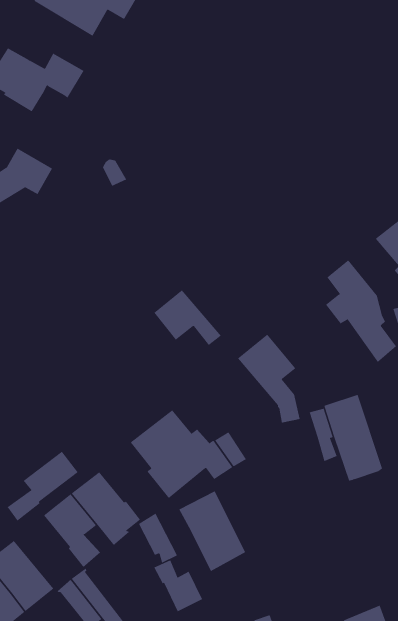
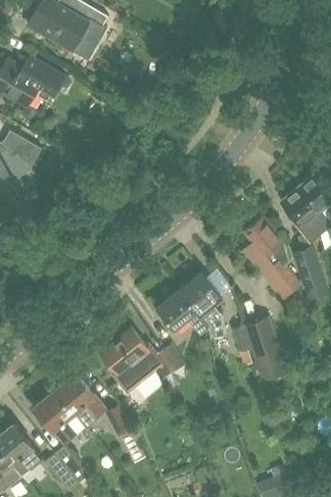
building: [153,289,222,346] -> [157,291,208,333]
building: [7,451,79,522] -> none
building: [178,490,246,572] -> none
building: [154,559,203,612] -> none

